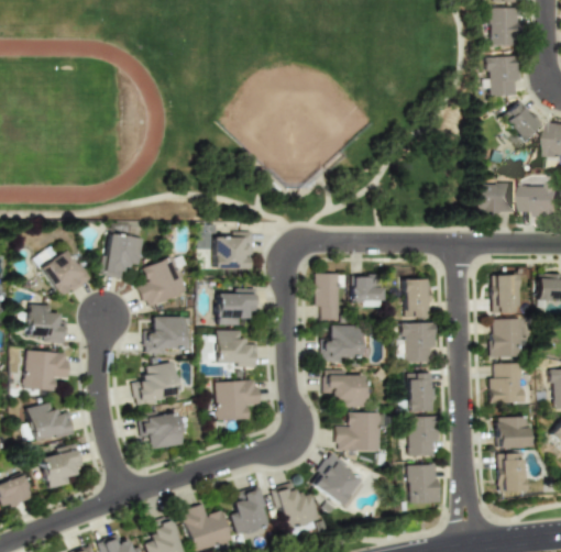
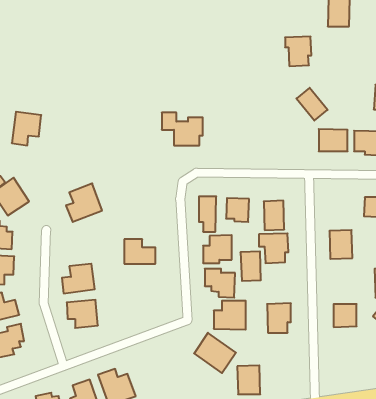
building: [485,57,520,97] -> [285,37,311,66]
building: [503,102,544,146] -> [296,88,328,121]
building: [199,225,254,269] -> [162,113,203,145]
building: [102,234,142,279] -> [12,112,41,145]
building: [492,275,518,314] -> none
building: [218,289,259,327] -> none
building: [145,318,184,354] -> none
building: [491,364,524,405] -> none
building: [407,373,435,412] -> [240,251,261,281]
building: [216,380,260,421] -> none
building: [498,454,525,493] -> none
building: [408,465,439,504] -> [237,365,260,394]
building: [274,484,318,529] -> none
building: [230,487,266,534] -> none

